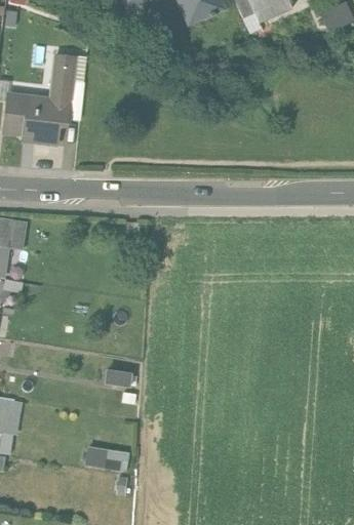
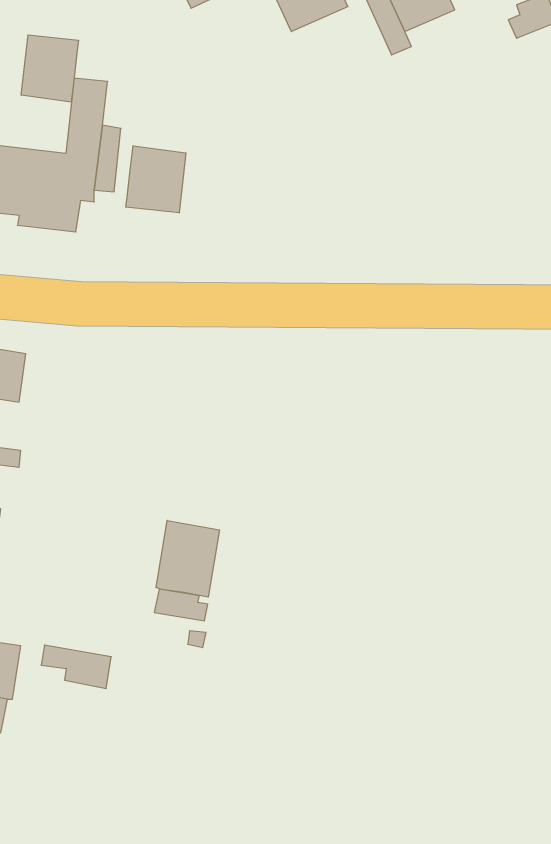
building: none -> [21,35,78,102]
building: none -> [126,146,186,213]
building: none -> [156,520,219,597]
building: [86,446,129,473] -> [41,645,111,689]

